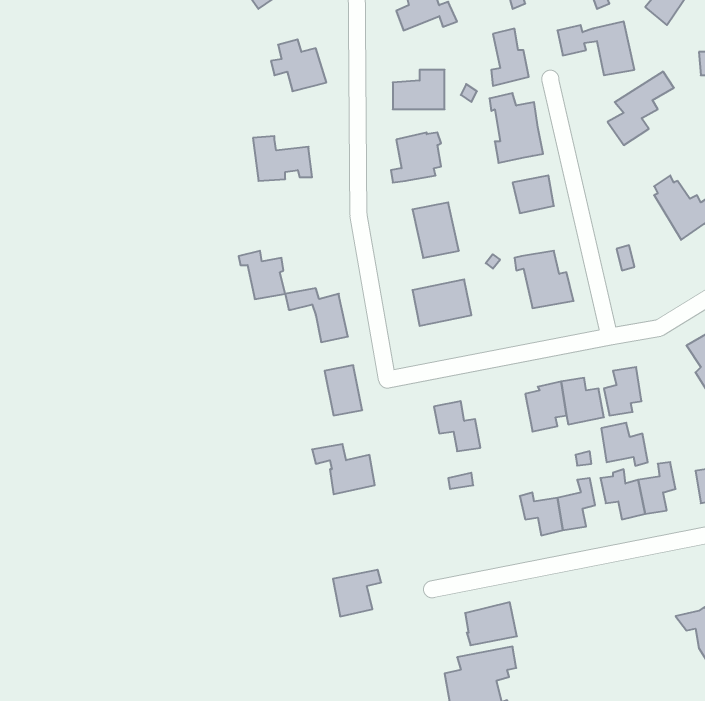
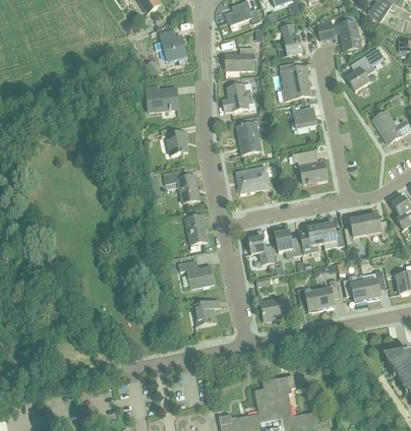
building: [239,251,285,299] -> [161,126,187,153]
building: none -> [275,230,301,256]
building: [601,423,648,466] -> [362,212,389,237]
building: [333,570,381,616] -> [193,299,221,325]
building: [465,602,517,645] -> [260,296,290,320]

